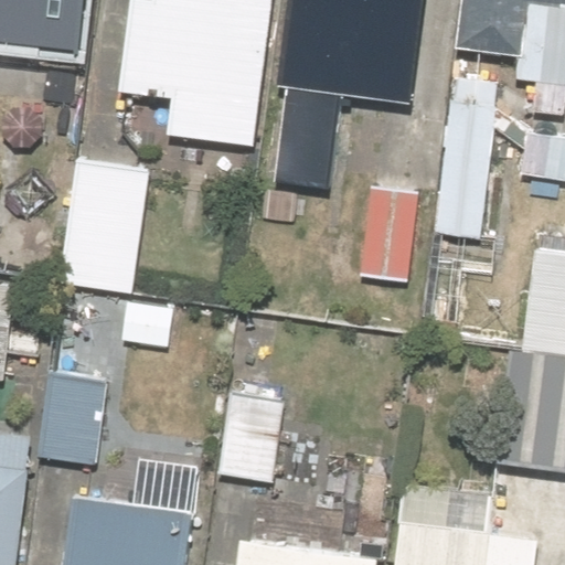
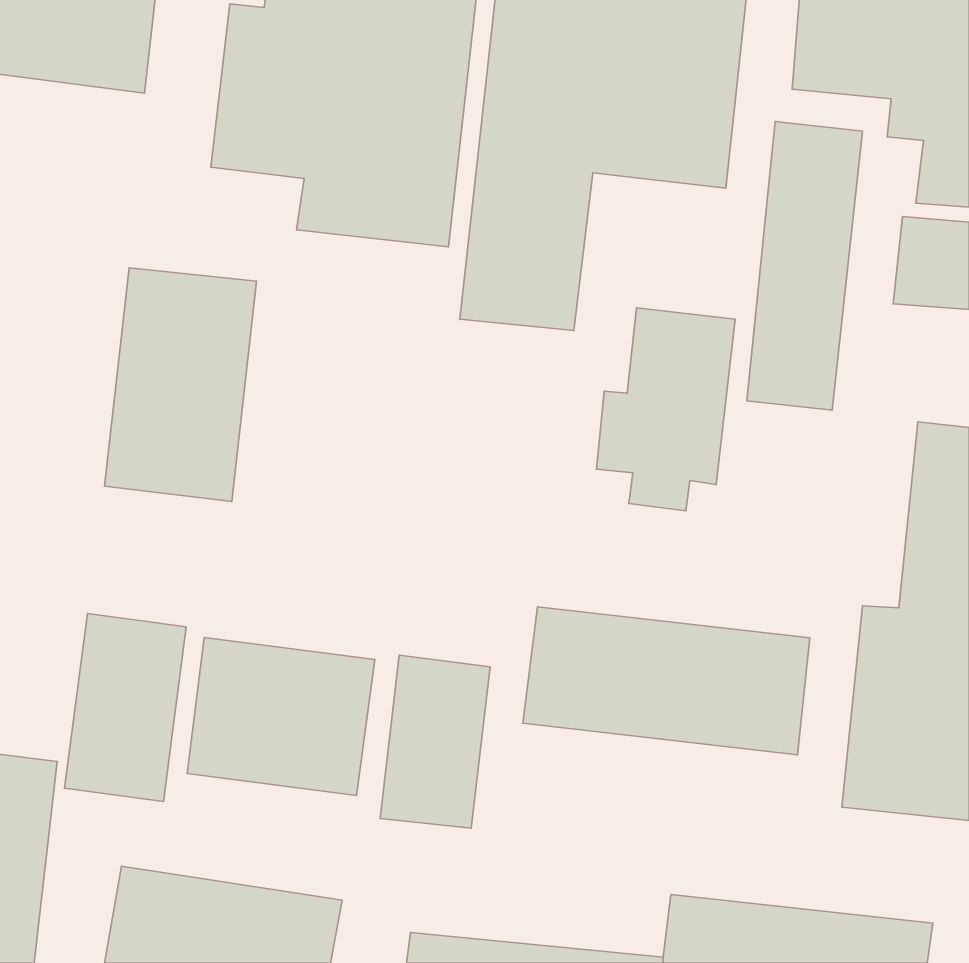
building: none -> [523,607,810,755]
building: none -> [187,637,375,795]

